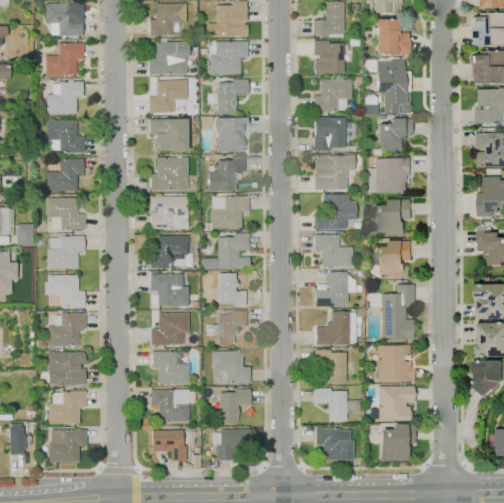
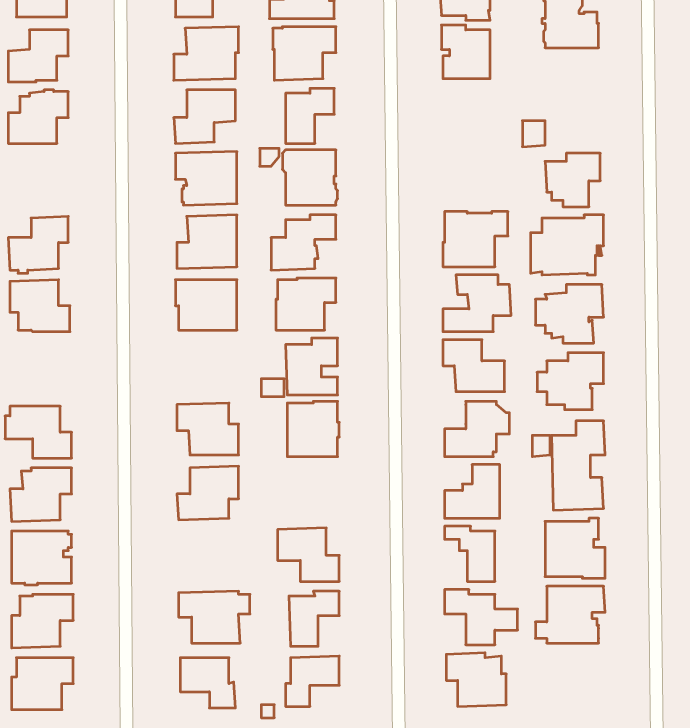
building: [376,60,411,113] -> none
building: [314,79,351,111] -> none
building: [313,117,345,151] -> none
building: [46,120,84,152] -> none
building: [47,235,84,268] -> none
building: [150,235,192,268] -> none
building: [206,311,249,344] -> none
building: [151,351,188,383] -> none
building: [379,424,414,460] -> none

